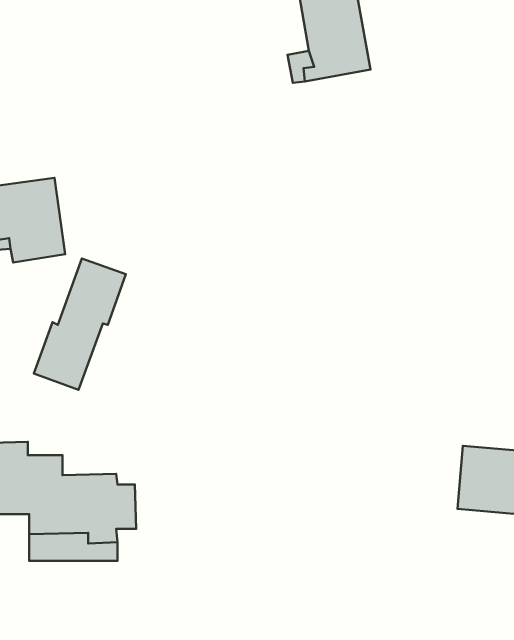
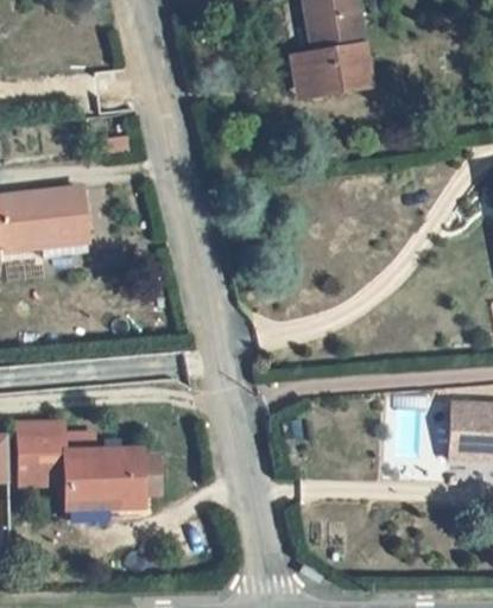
building: [34,258,126,390] -> none

